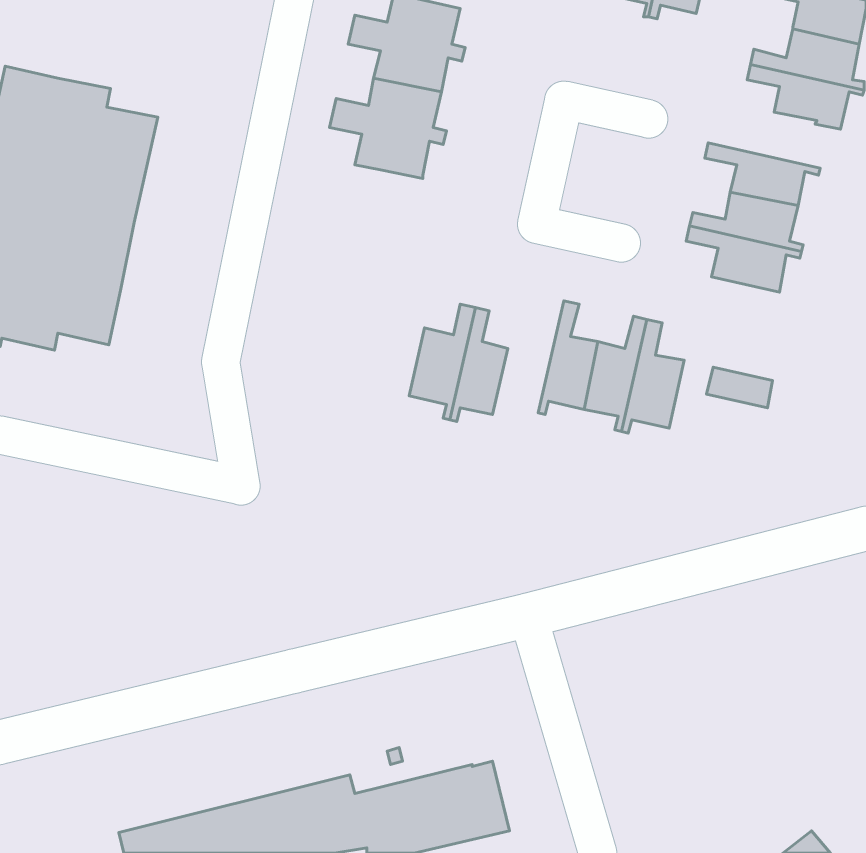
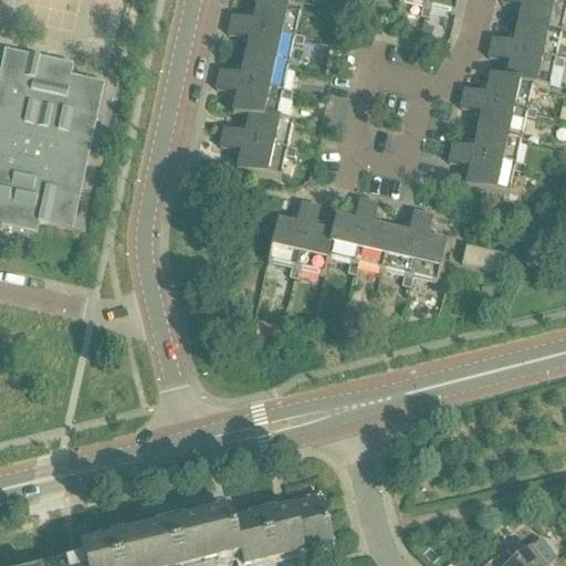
building: none -> [461,69,535,109]
building: none -> [219,111,295,175]
building: none -> [321,193,367,271]

